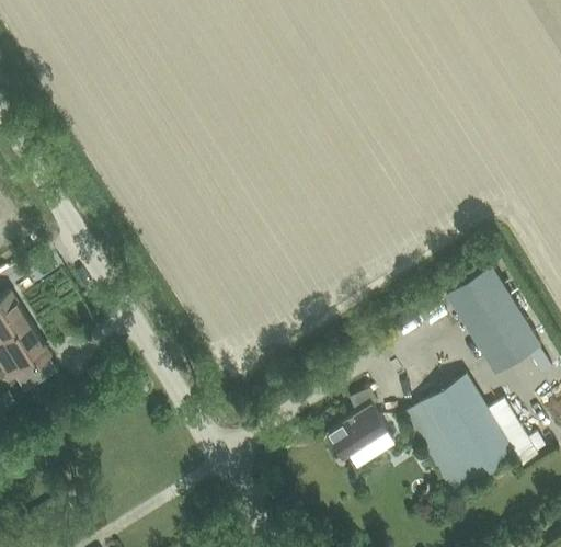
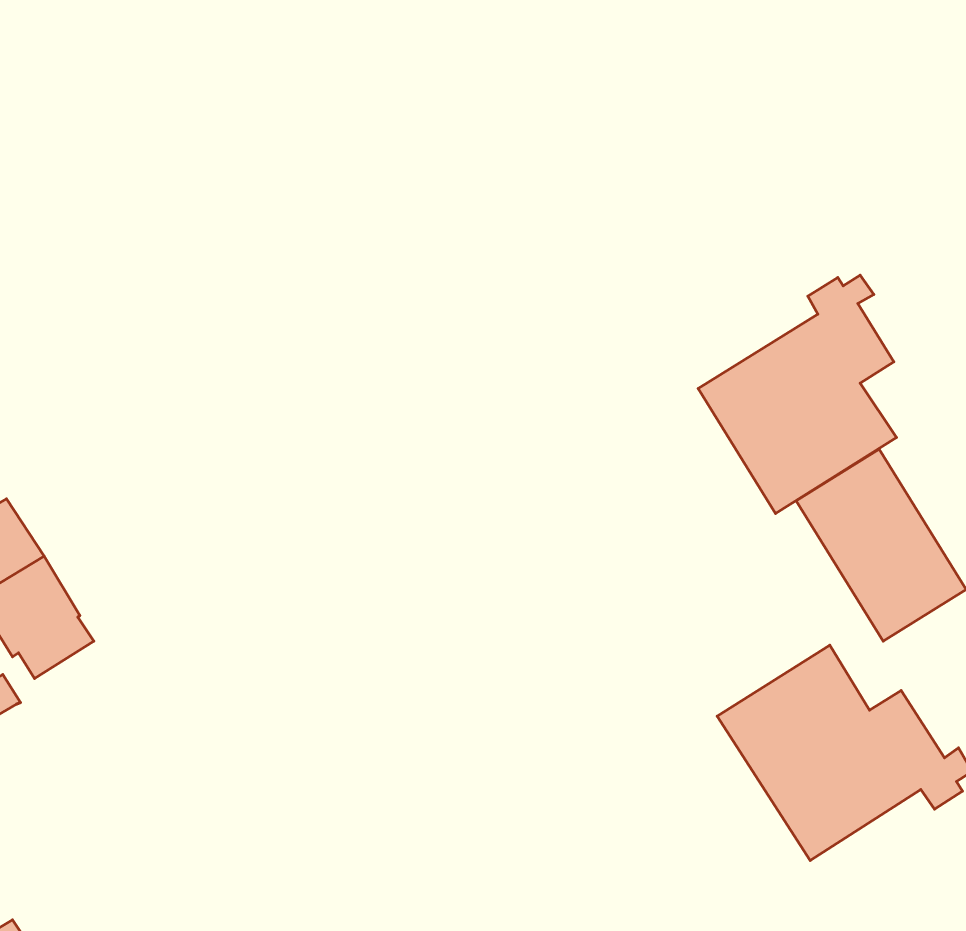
building: none -> [698,275,896,514]
building: [328,390,388,458] -> none

